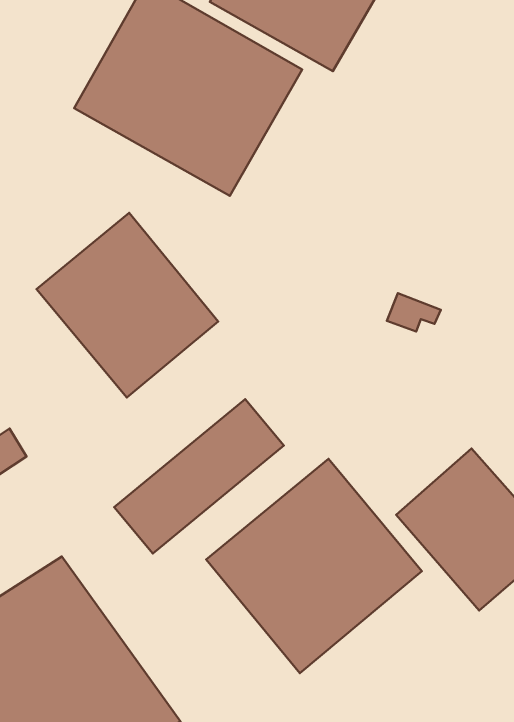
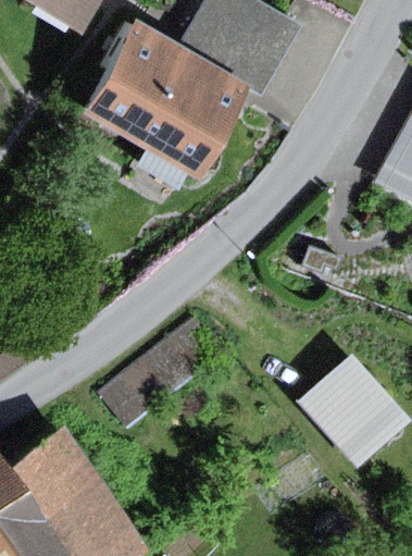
building: [37,213,218,397] -> none
building: [206,459,422,673] -> none

